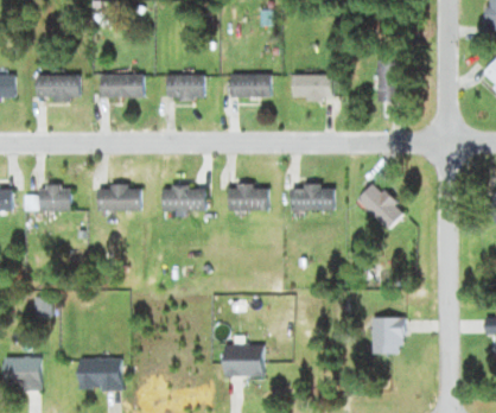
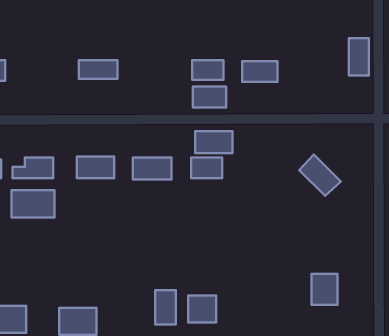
building: [375,59,398,102] -> [349,38,369,75]
building: [39,75,82,99] -> none
building: [170,75,208,99] -> [193,87,226,107]
building: [288,186,331,211] -> [195,131,233,153]
building: none -> [12,190,54,218]
building: none -> [155,290,176,325]

